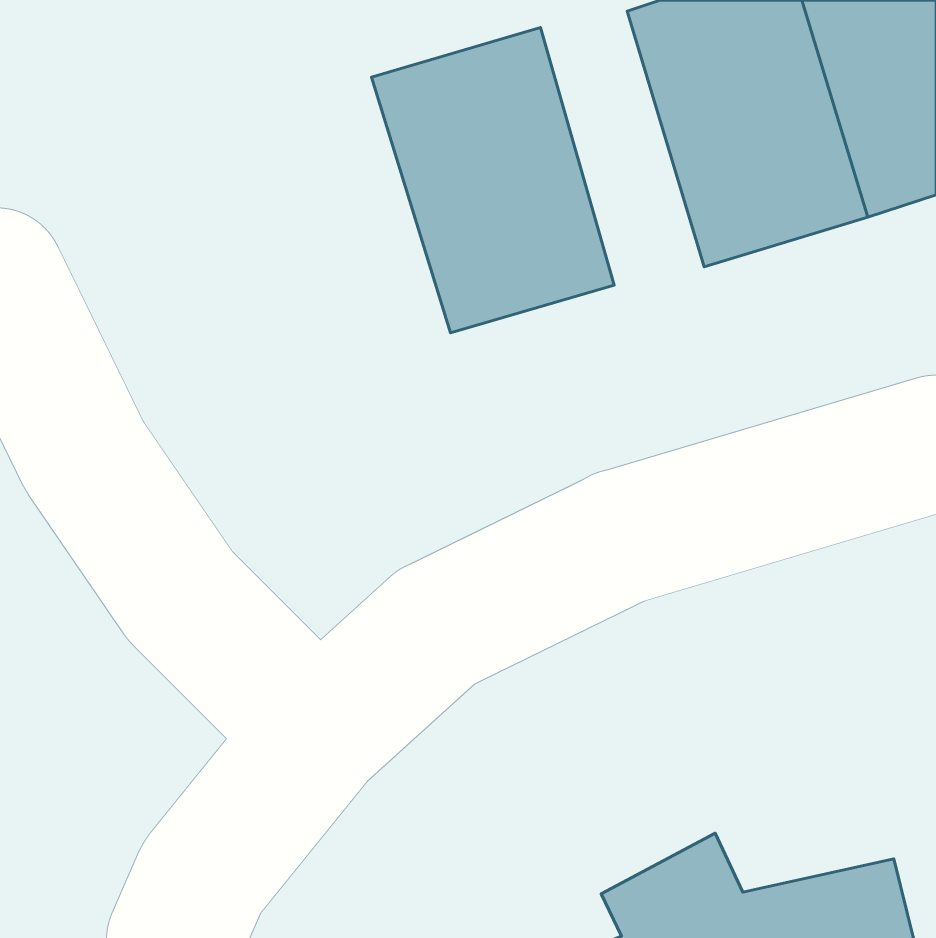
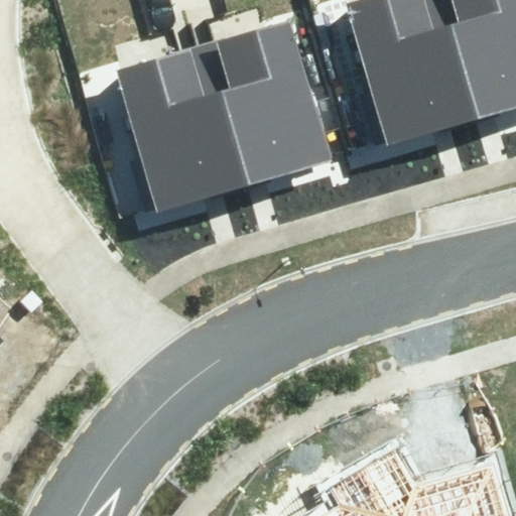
building: none -> [114,43,247,211]

